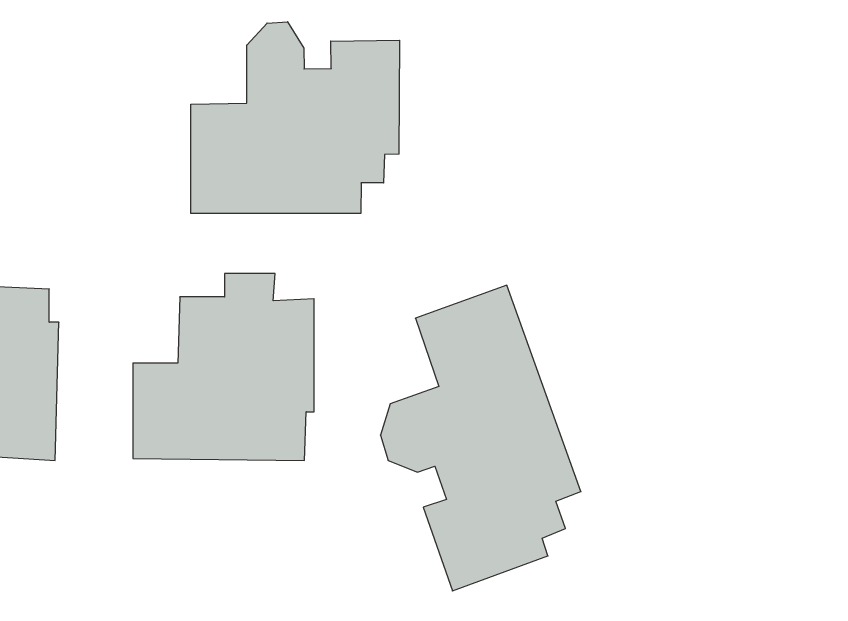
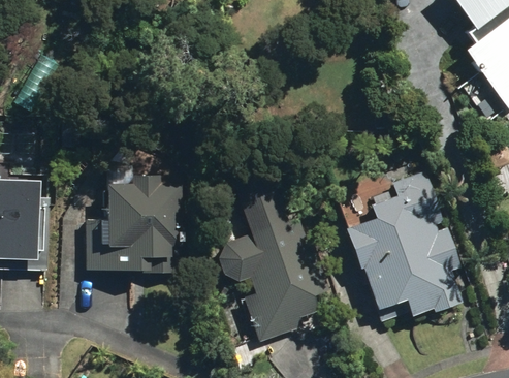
building: [191,22,400,213] -> none
building: none -> [347,172,458,316]

